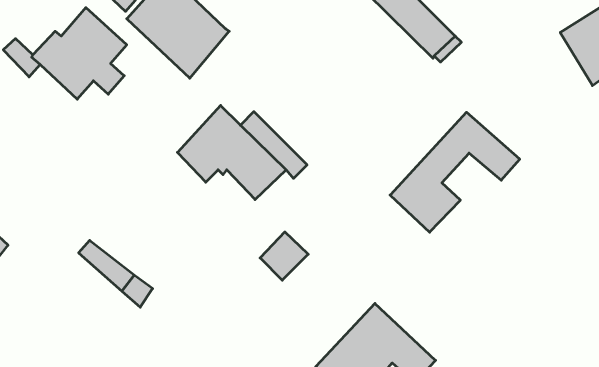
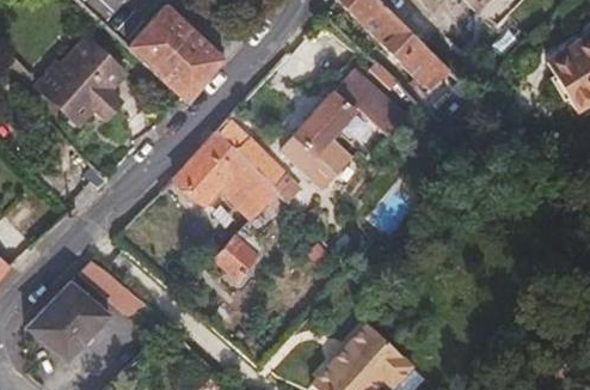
building: [390,112,520,232] -> [281,68,406,184]
building: [260,232,308,280] -> [214,234,260,281]
building: none -> [25,281,110,360]

